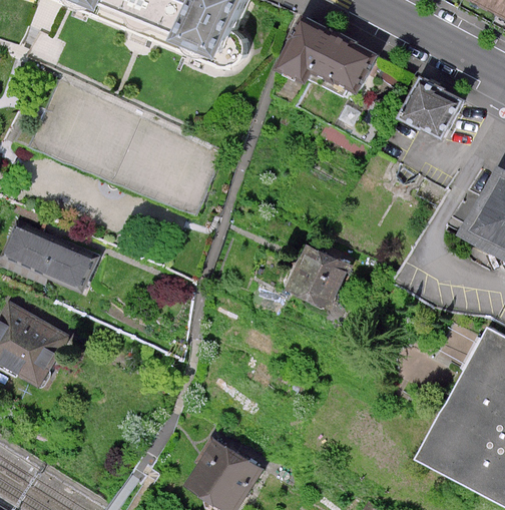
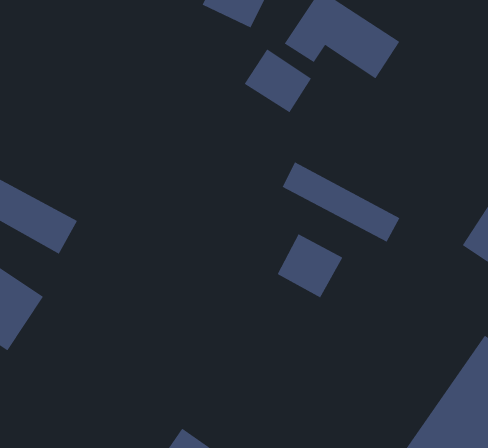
building: none -> [244,49,312,113]
building: [394,82,461,142] -> none
building: none -> [282,161,400,242]

